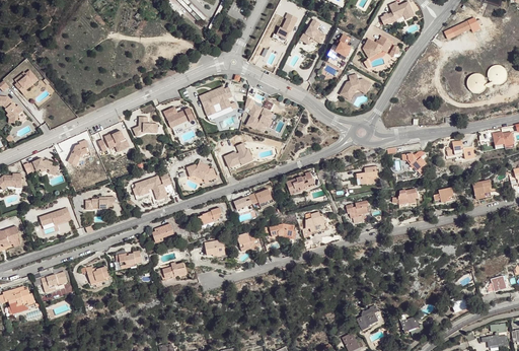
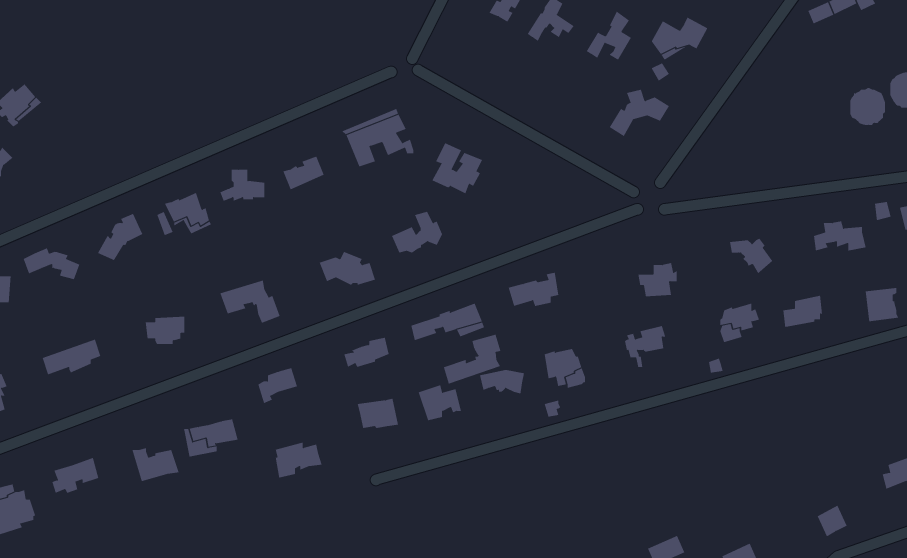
building: none -> [443,334,501,384]

